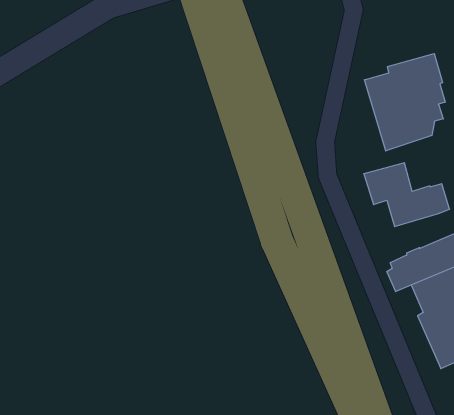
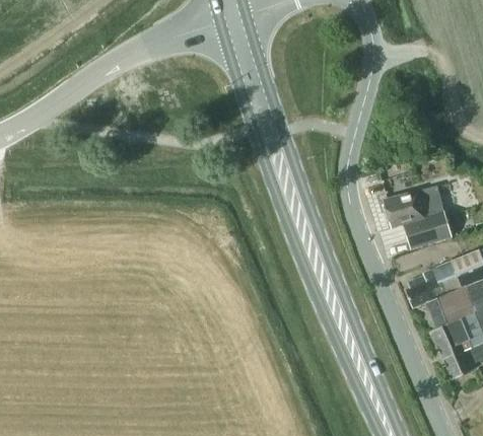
building: [364,54,445,151] -> none

